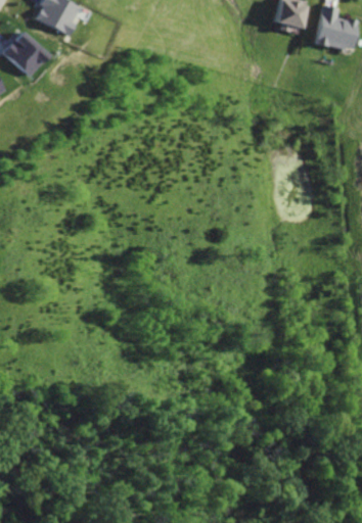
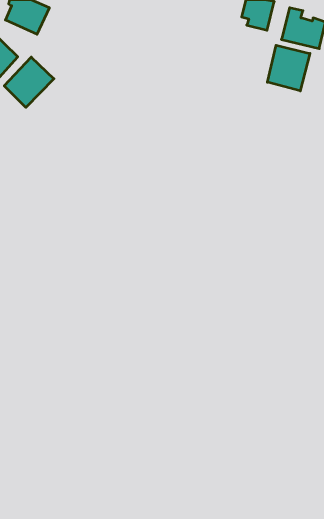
building: none -> [267,45,310,91]
building: none -> [4,57,54,107]

